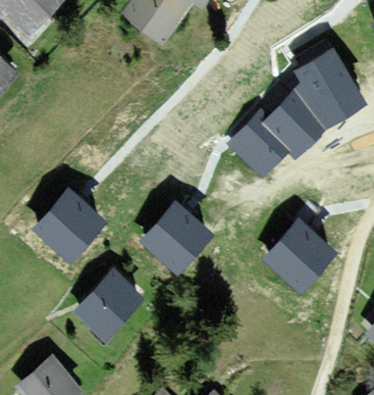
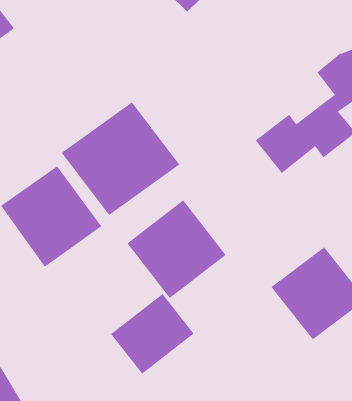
building: none -> [61,101,180,216]
building: [73,271,144,342] -> [110,293,195,375]

